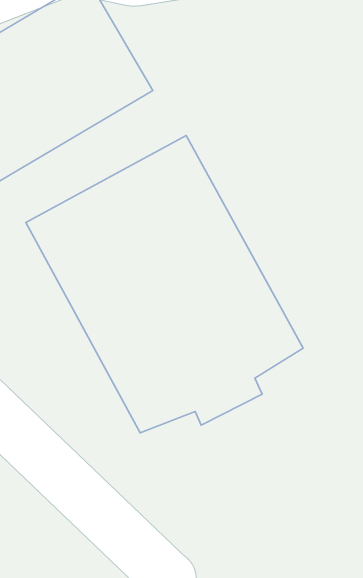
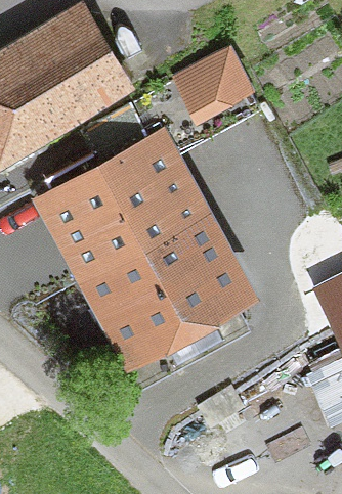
building: none -> [172,44,255,121]

